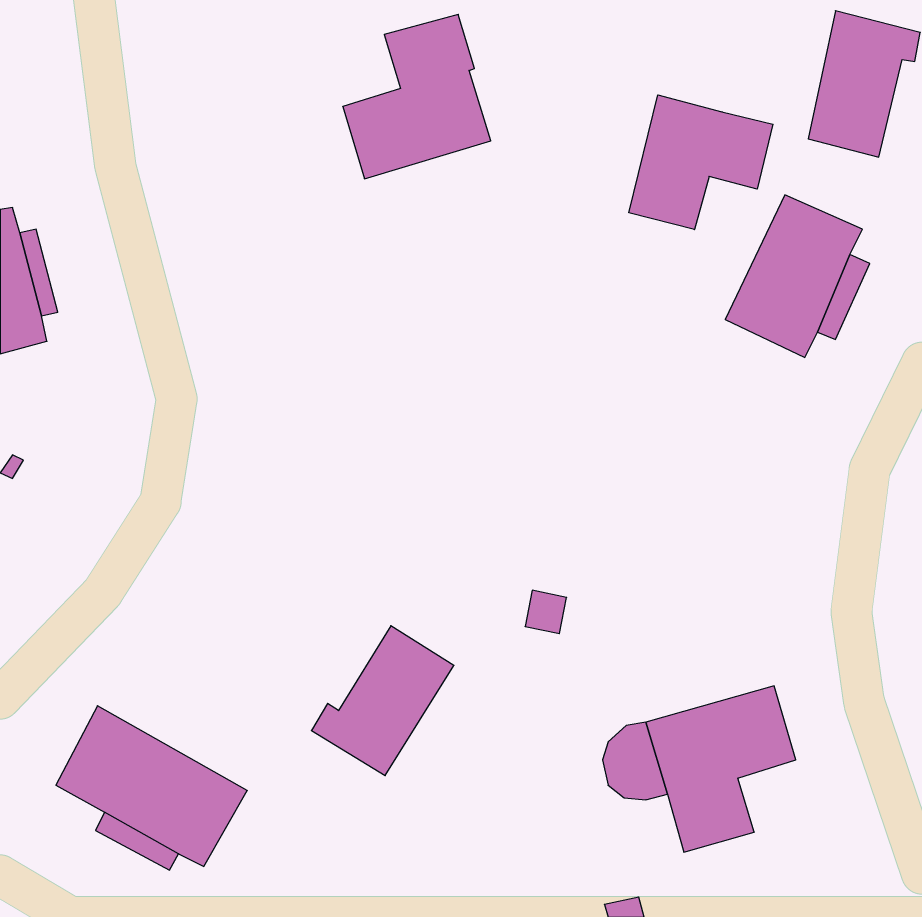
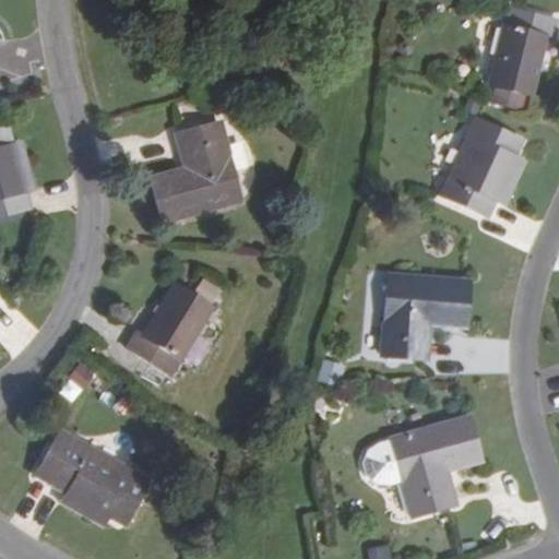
building: [343,14,491,179] -> [151,121,240,221]
building: [629,95,773,230] -> none
building: none -> [380,273,468,358]
building: [311,626,454,776] -> [126,283,212,373]

